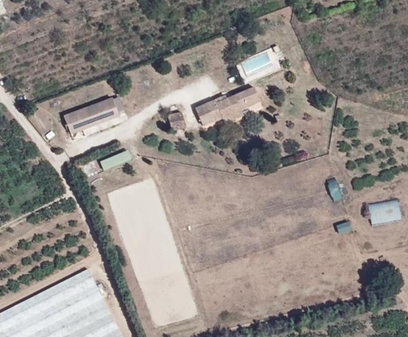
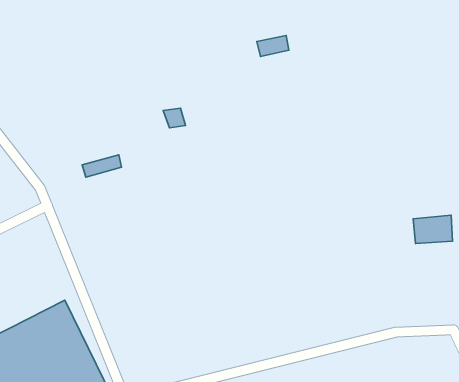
building: [195,87,259,125] -> none
building: [64,98,118,133] -> none

